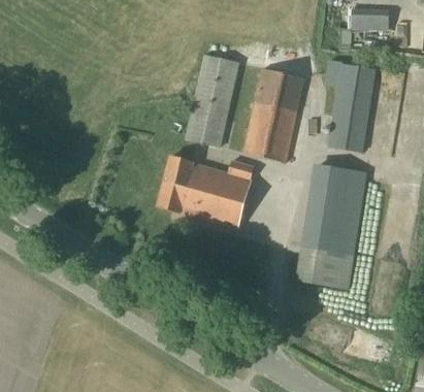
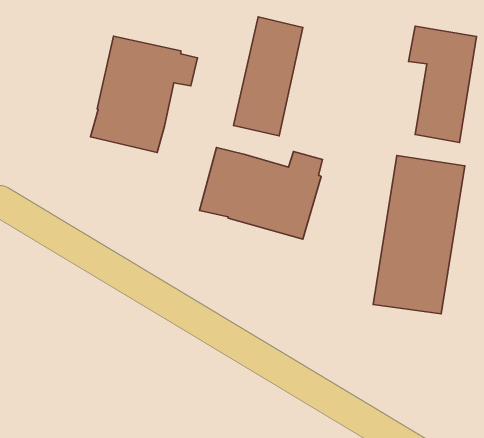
building: [242,67,304,162] -> none
building: none -> [90,36,197,152]

